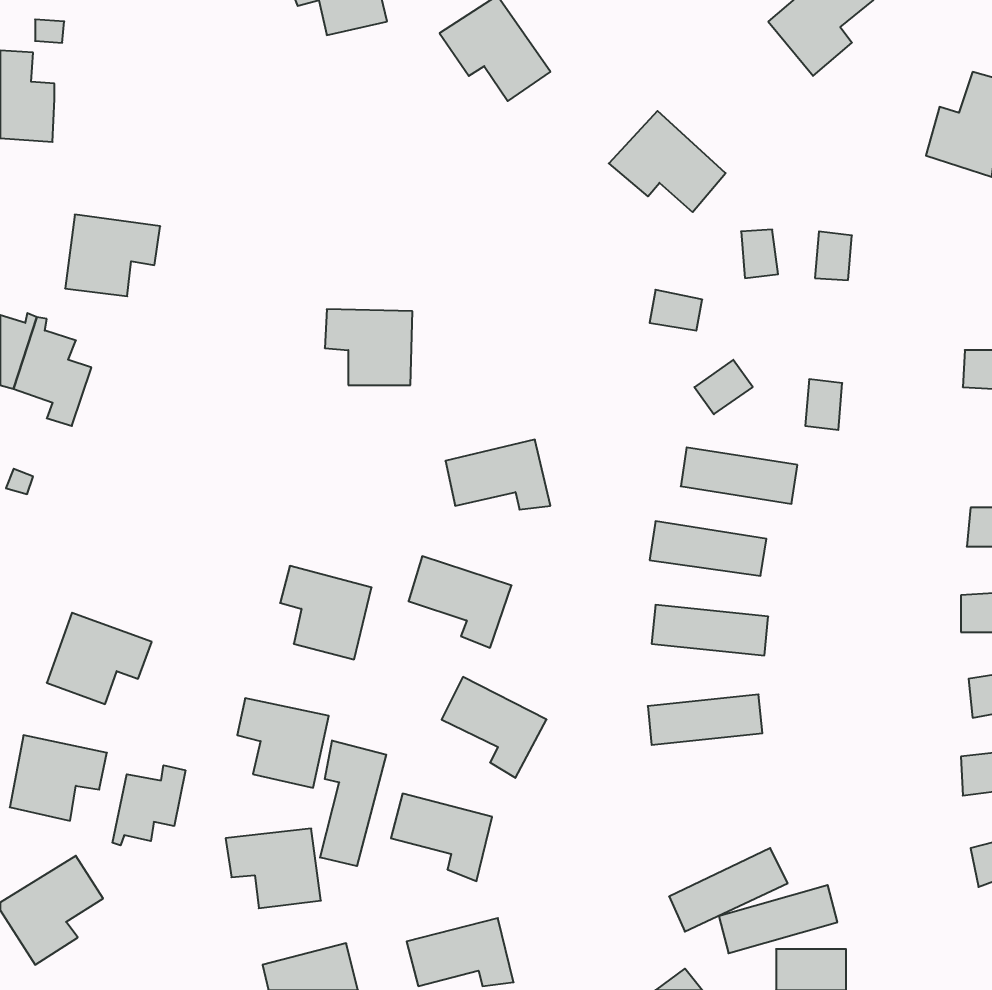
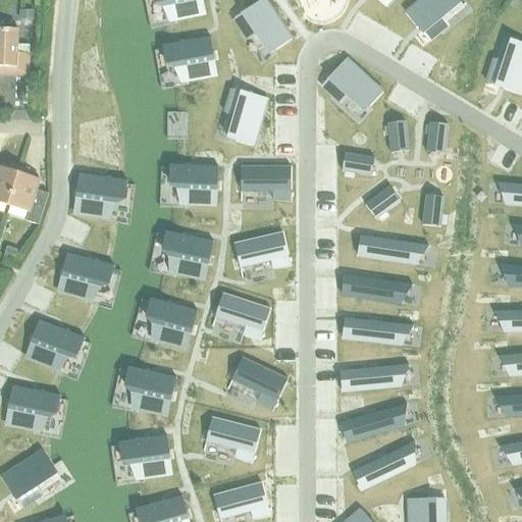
building: none -> [165,35,216,79]
building: none -> [223,87,266,144]
building: [65,215,160,296] -> [74,172,124,215]
building: none -> [241,164,291,199]
building: none -> [165,230,213,277]
building: none -> [57,252,110,298]
building: [320,740,386,866] -> none
building: [112,765,185,845] -> none
building: [719,885,837,953] -> [341,406,403,441]

